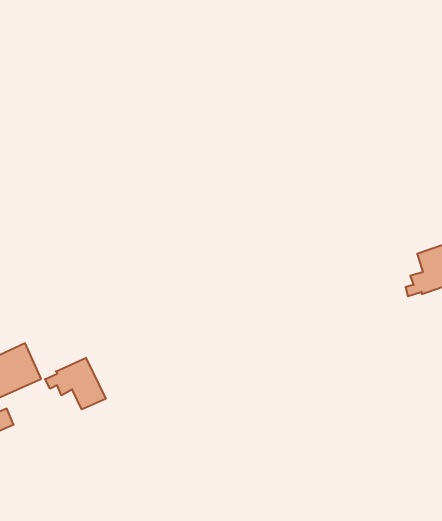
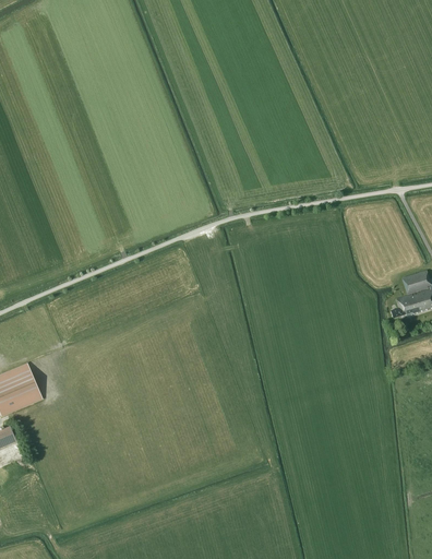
building: [45,358,106,409] -> none

